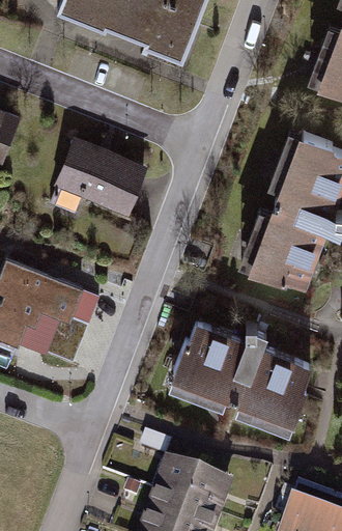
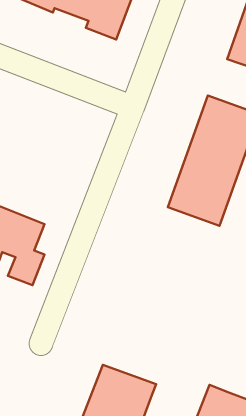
building: [55,136,151,214] -> none
building: [164,317,324,431] -> none

